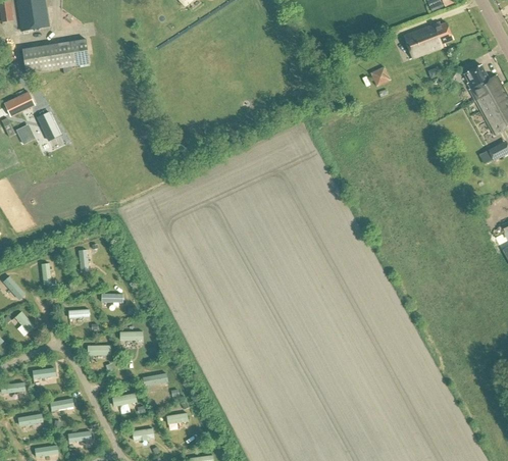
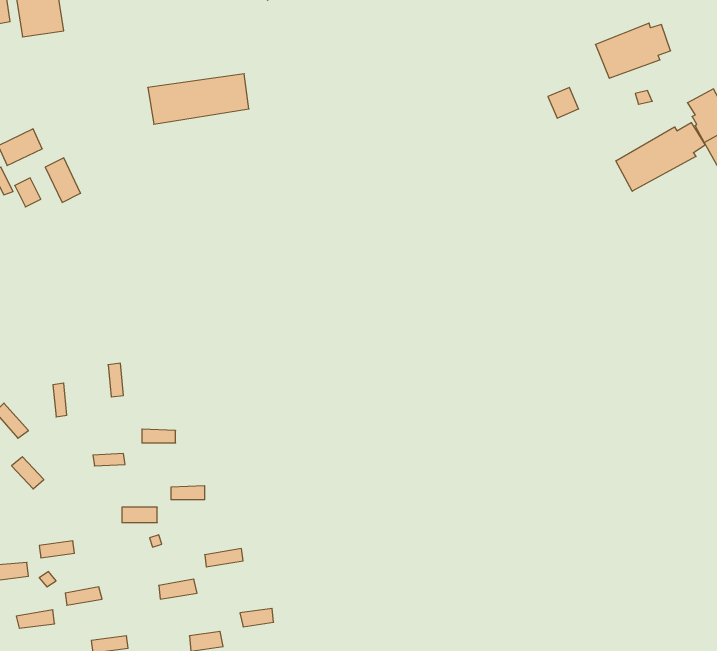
building: [22,41,90,74] -> [148,74,249,124]
building: none -> [616,123,705,191]

